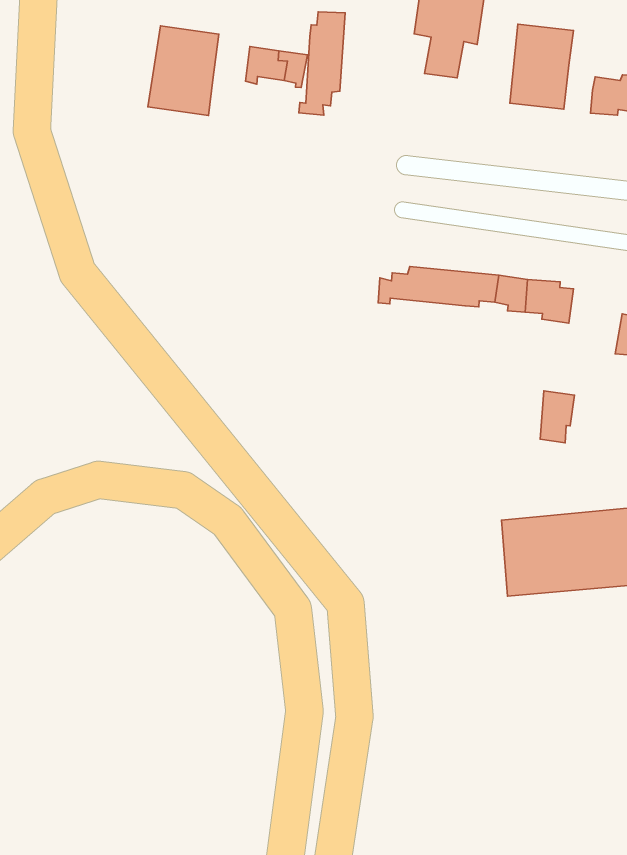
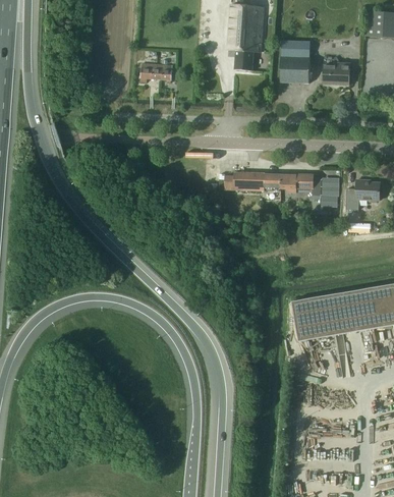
building: [299,12,345,115] -> none
building: [148,26,219,115] -> none
building: [540,391,574,443] -> [323,177,339,204]

